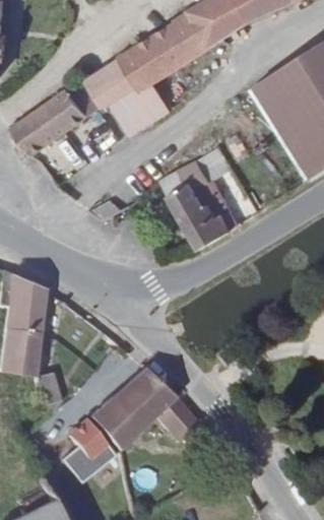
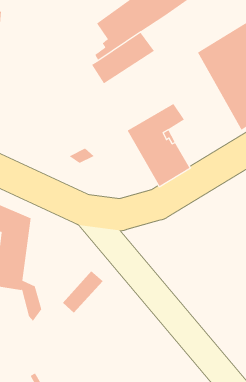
building: [92,50,139,105] -> none
building: [13,87,105,156] -> none
building: [91,367,201,450] -> none
building: [63,419,117,483] -> none

